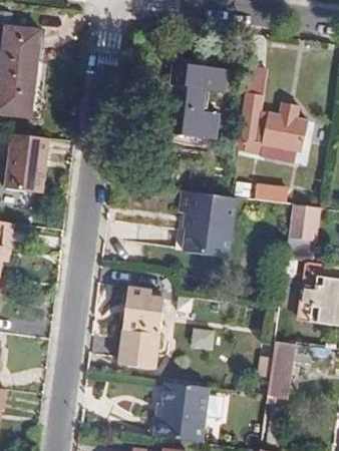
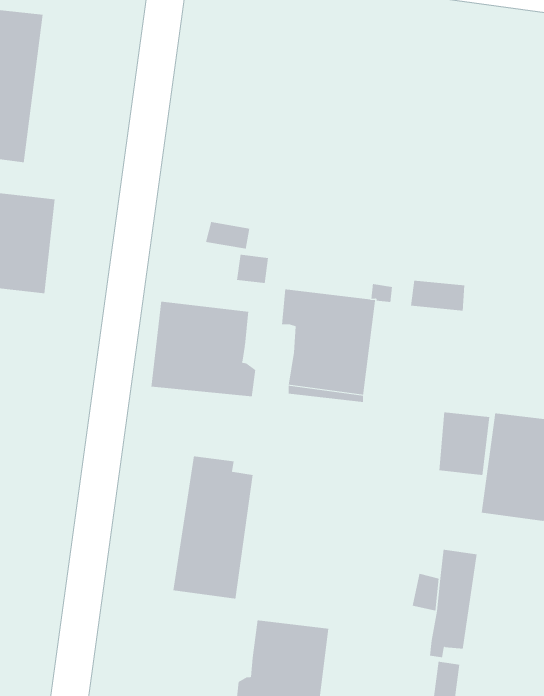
building: [169,62,228,138] -> none
building: [239,65,309,161] -> none
building: none -> [151,301,256,397]
building: [289,203,319,241] -> [438,412,490,476]

